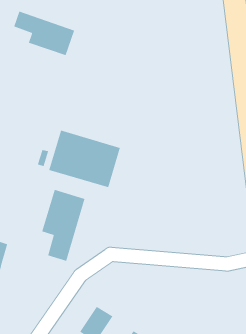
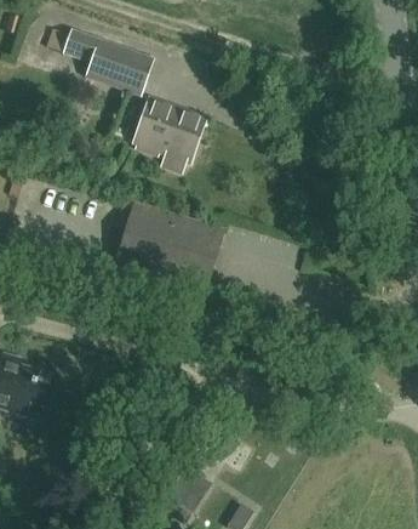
building: none -> [132,97,204,160]
building: [41,189,86,262] -> none

